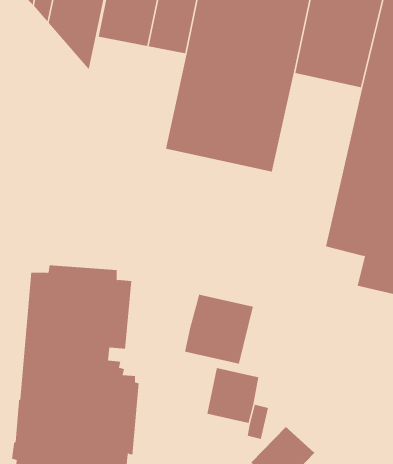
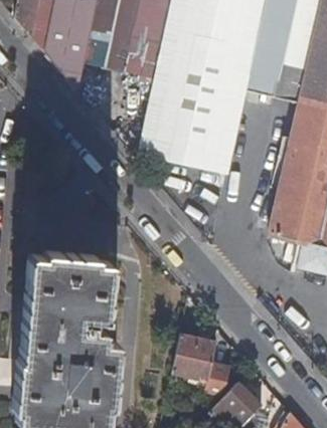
building: [185,294,253,364] -> none

